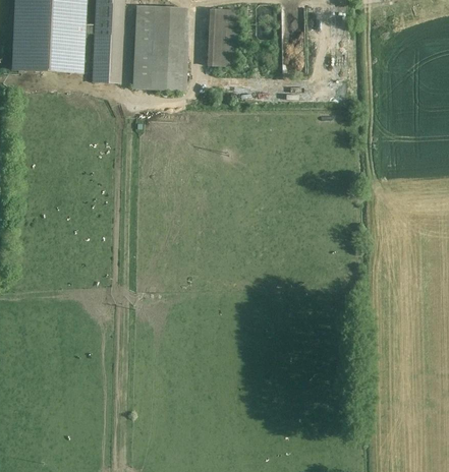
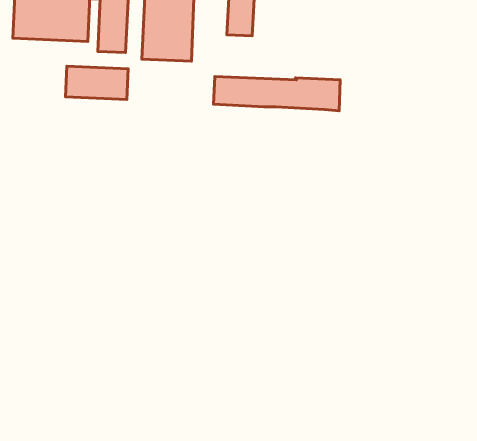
building: none -> [65,66,128,99]
building: none -> [213,76,340,111]

